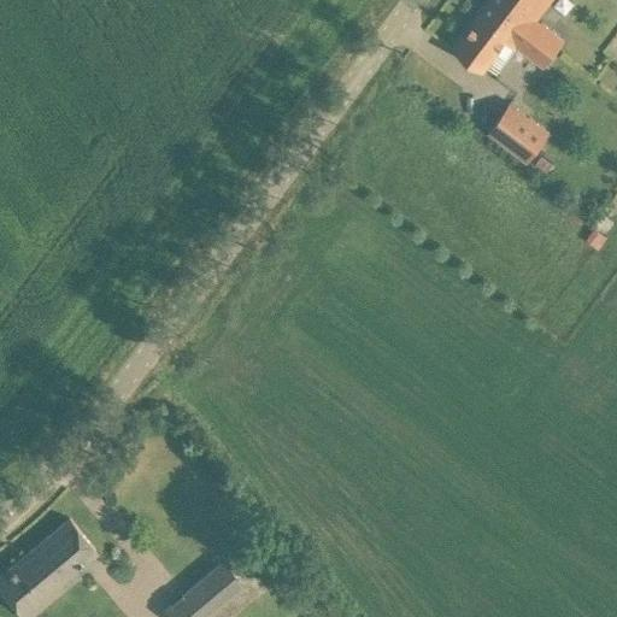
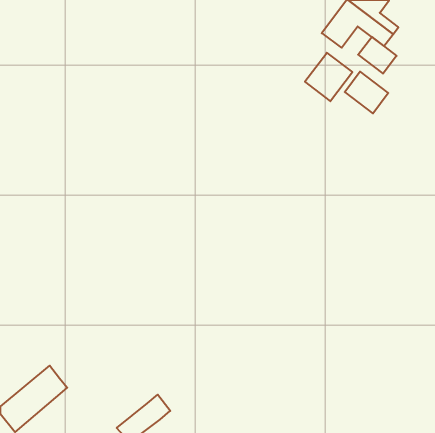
building: none -> [358,37,397,74]
building: none -> [305,53,352,101]

